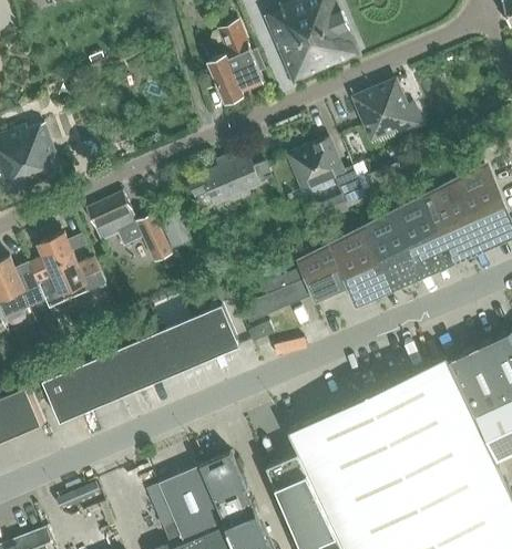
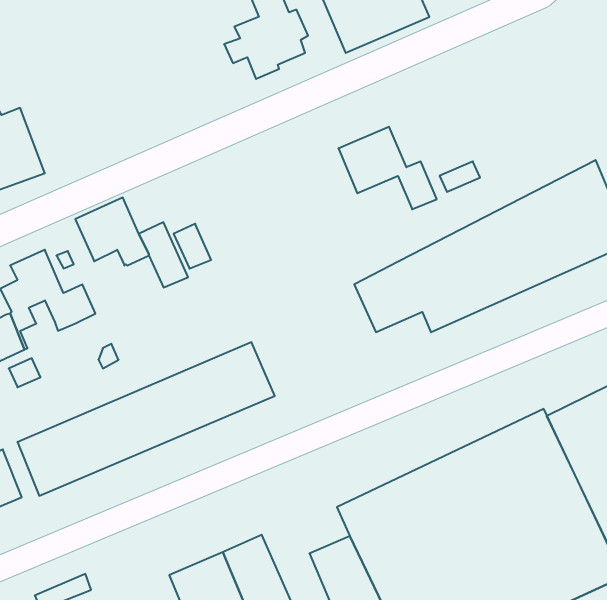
building: [355,83,421,138] -> none
building: [190,155,272,205] -> none
building: [243,268,310,322] -> none

